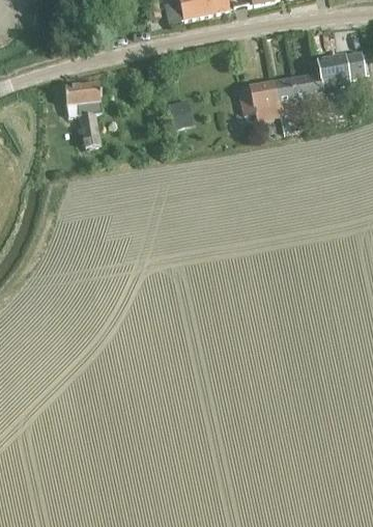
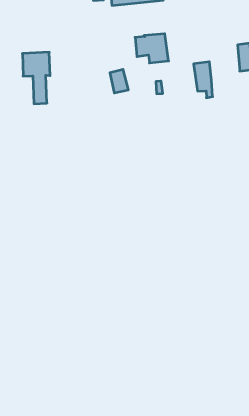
building: [289,73,323,104] -> none
building: [235,82,278,118] -> [135,34,169,63]

